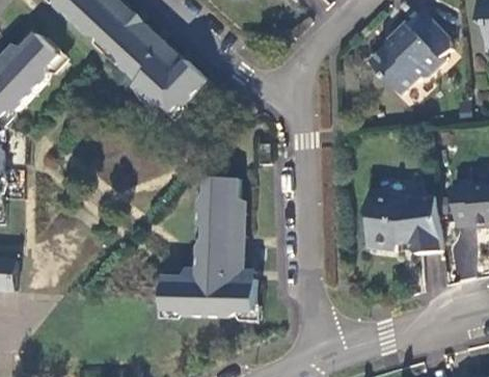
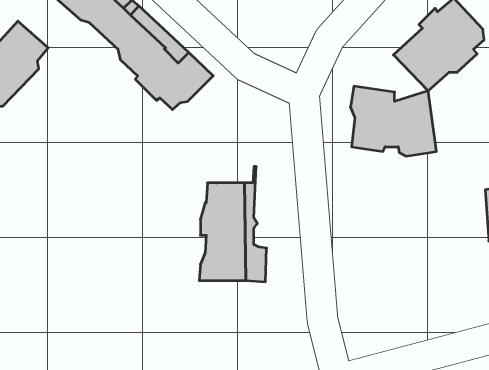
building: [364,193,441,255] -> [350,86,436,156]
building: [161,271,254,311] -> none

